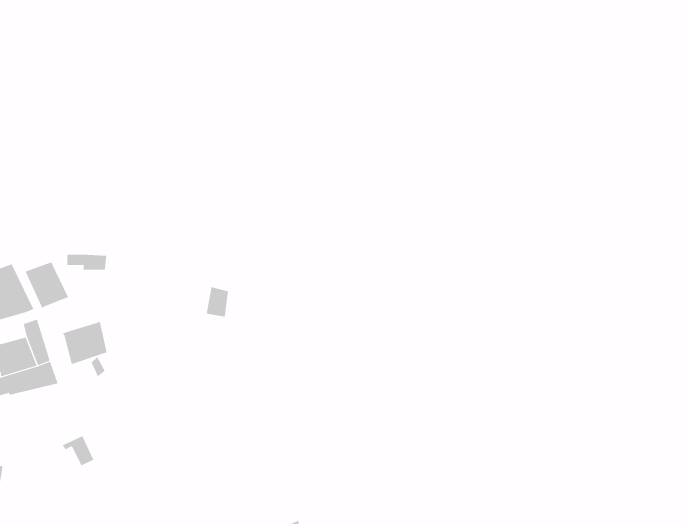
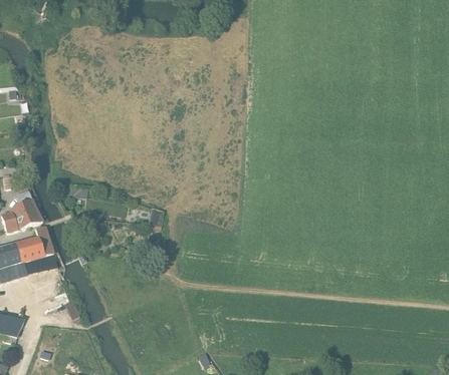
building: [25,262,69,309] -> none
building: [62,321,107,365] -> none

